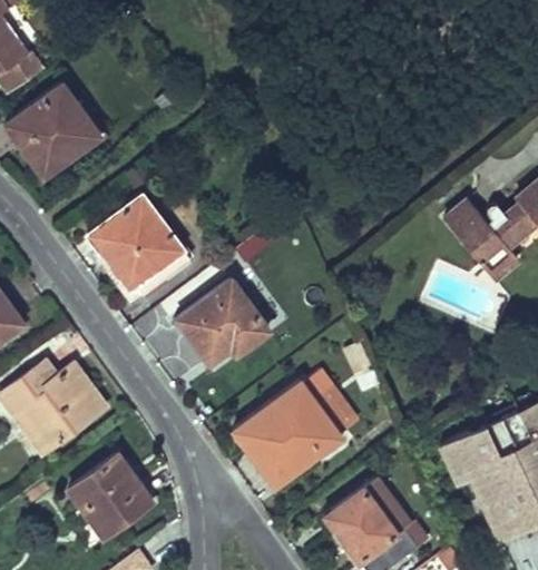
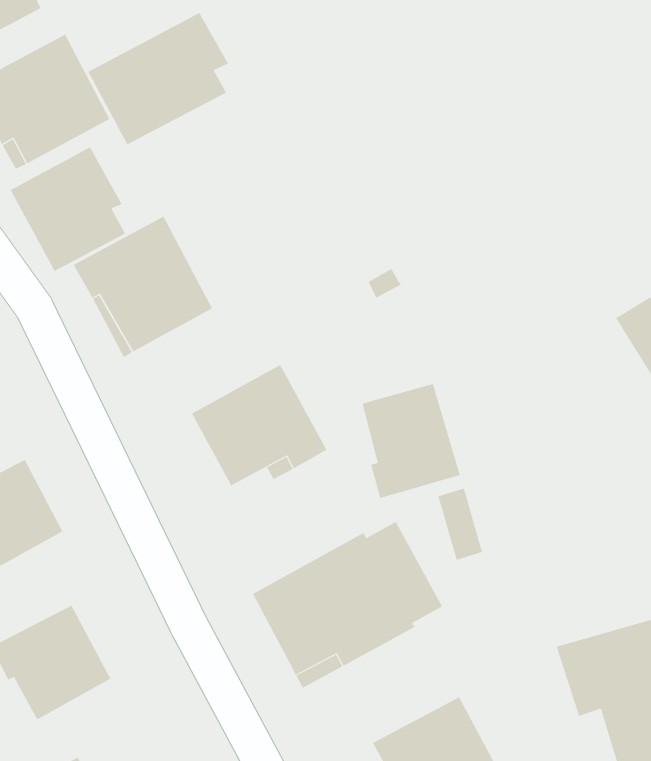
building: none -> [87,12,229,145]
building: none -> [10,147,126,272]
building: none -> [362,383,460,499]

